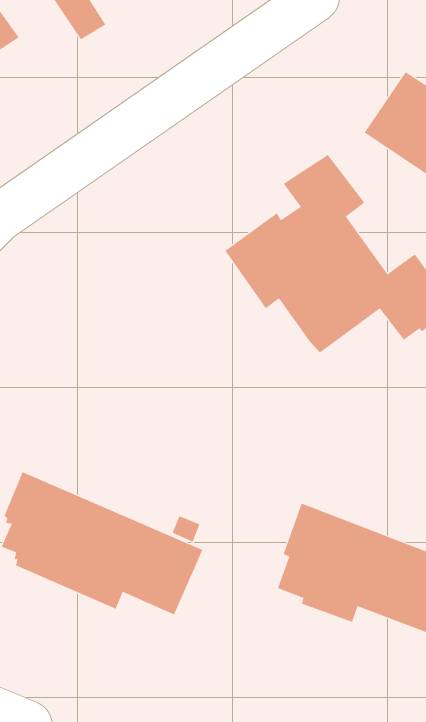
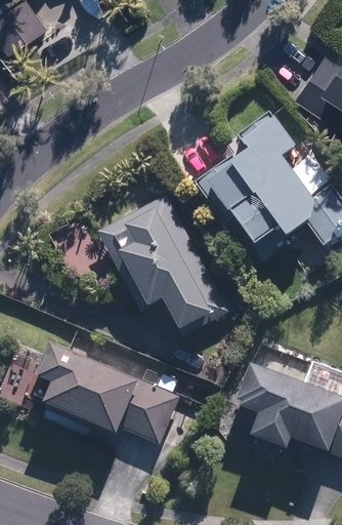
building: none -> [97,194,228,336]

